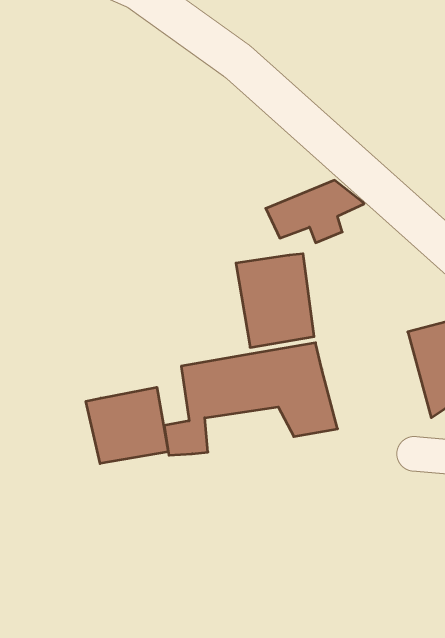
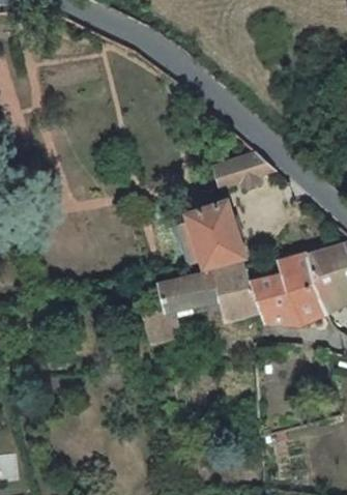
building: none -> [247,256,319,331]
building: [86,387,168,464] -> none

